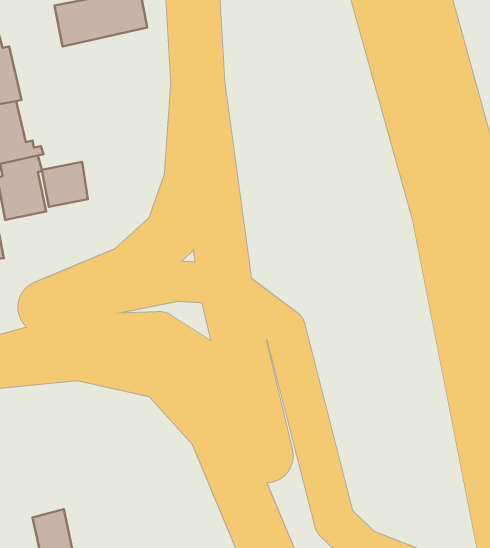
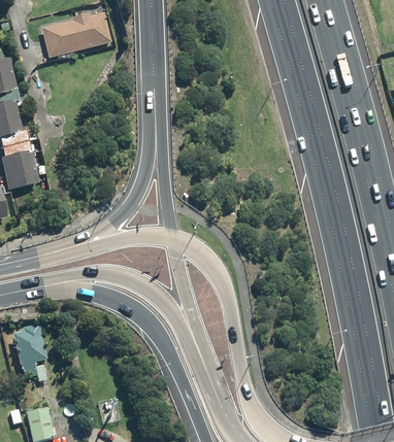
building: [42,162,88,207] -> none
building: none -> [13,320,51,377]

